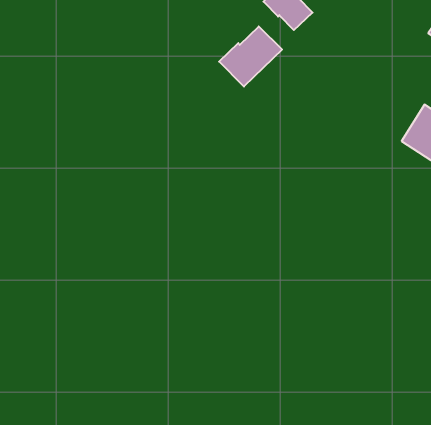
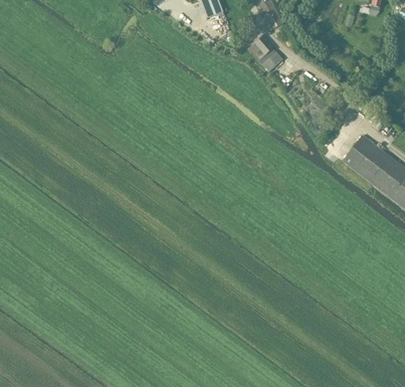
building: [219,26,282,87] -> none

